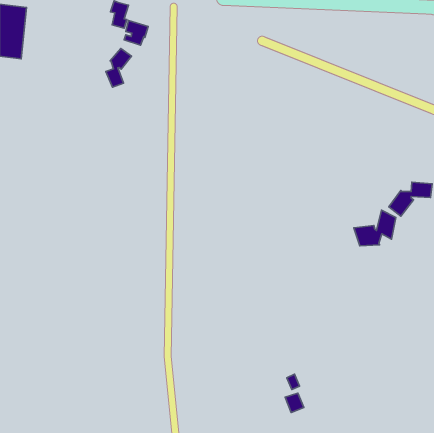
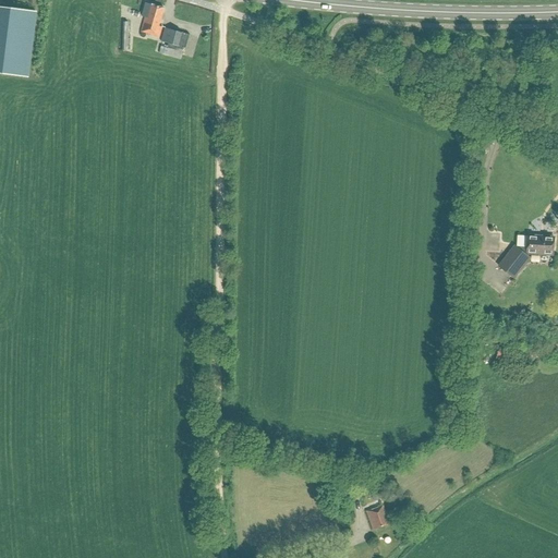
building: [106,49,132,87] -> none
building: [354,210,396,246] -> none

